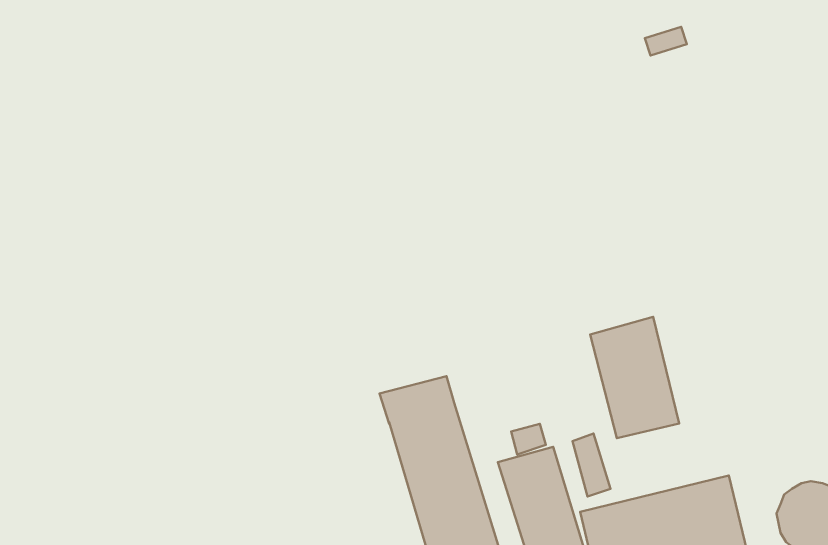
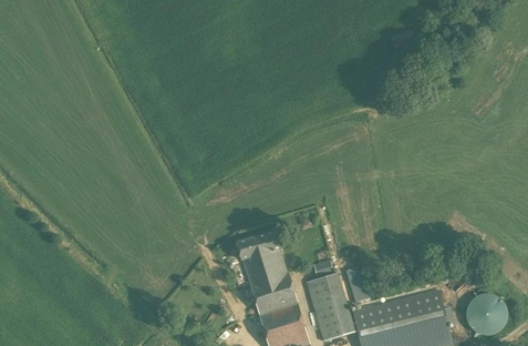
building: [590,317,679,438] -> none

